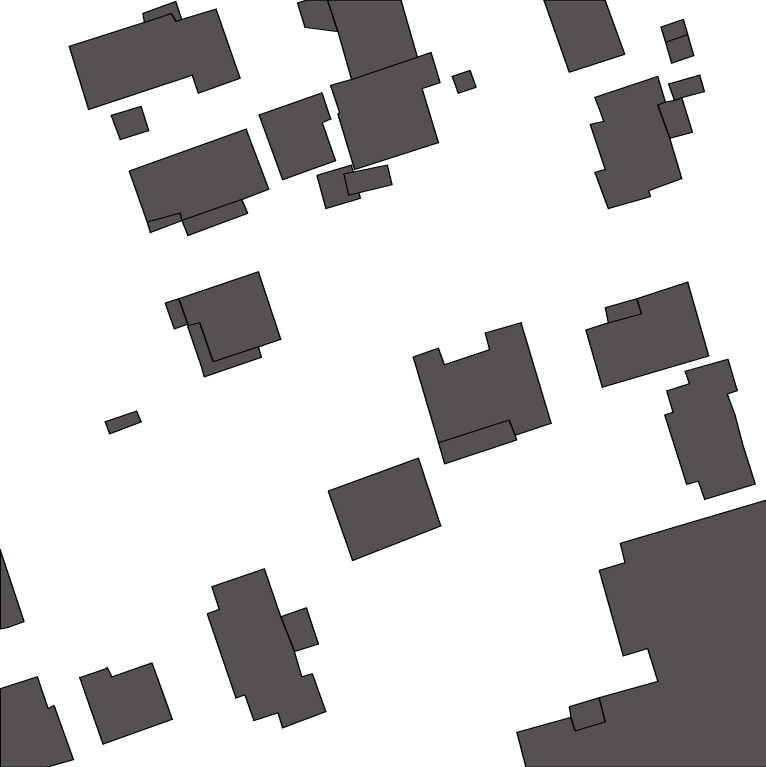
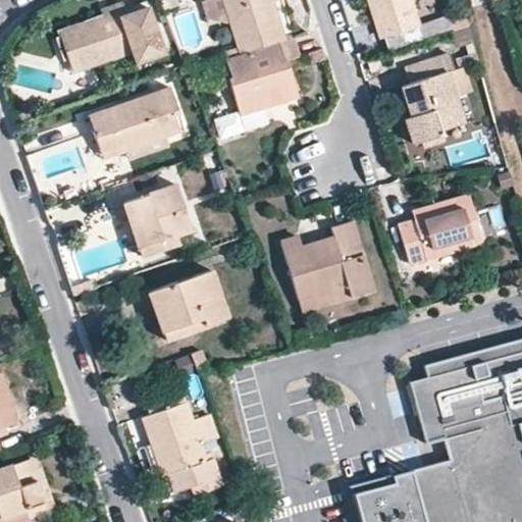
building: [259,93,335,180] -> none
building: [665,359,755,500] -> none
building: [328,458,441,560] -> [149,270,225,340]
building: [80,663,172,744] -> none

